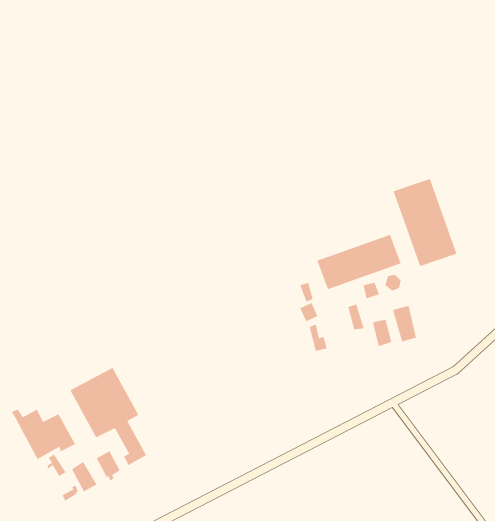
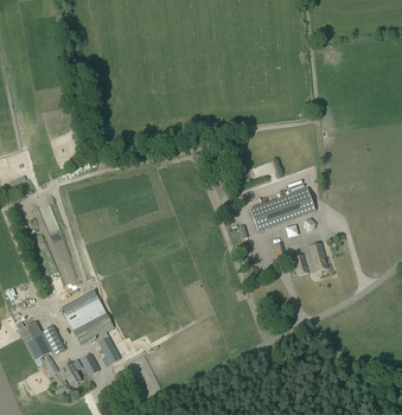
building: [393,178,457,267] -> none

